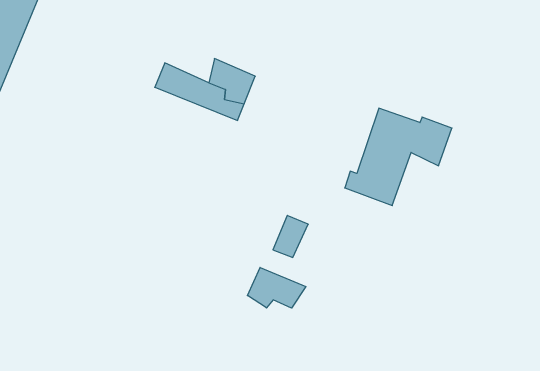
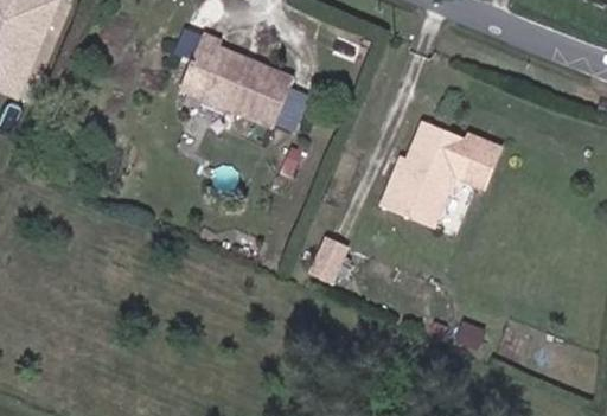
building: none -> [193,40,247,91]
building: [247,267,306,308] -> none

